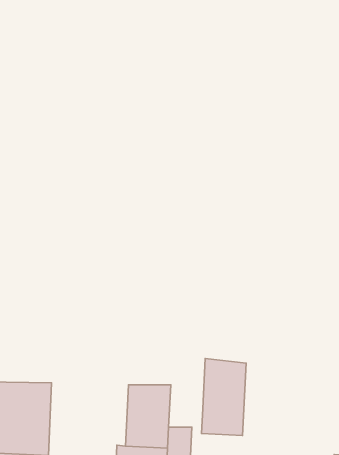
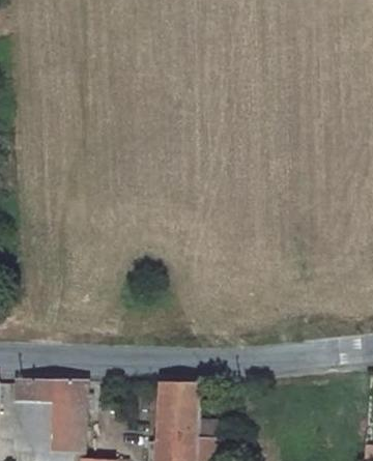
building: [202,358,246,436] -> none

